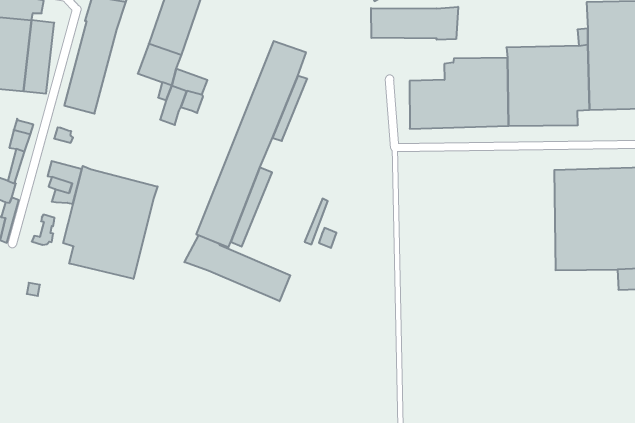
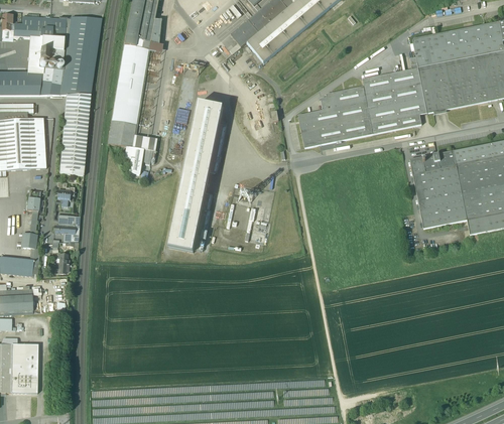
building: [371,7,458,40] -> none
building: [63,166,158,279] -> none
building: [184,235,290,301] -> none

